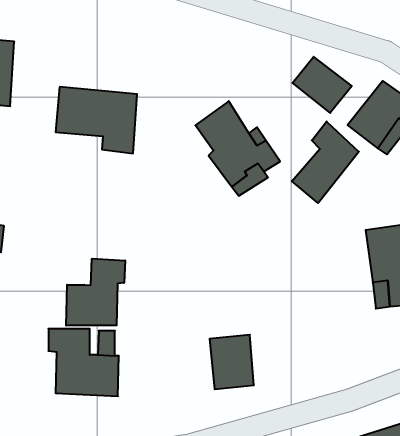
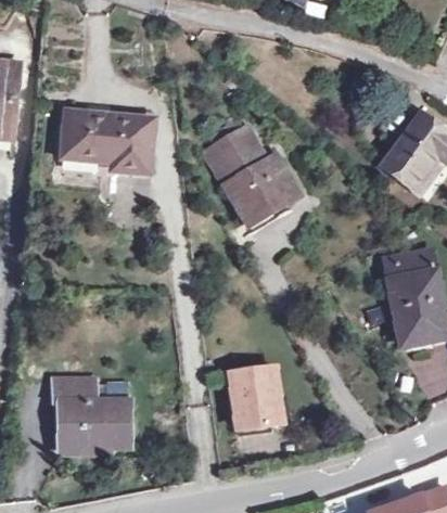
building: [293,57,352,113] -> none
building: [292,121,359,203] -> none
building: [66,259,125,326] -> none

